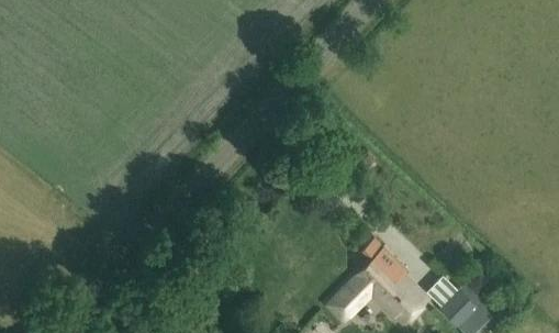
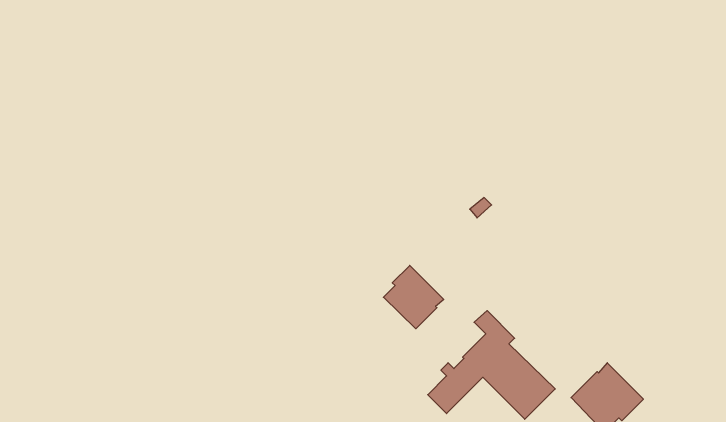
building: none -> [383,265,444,329]

